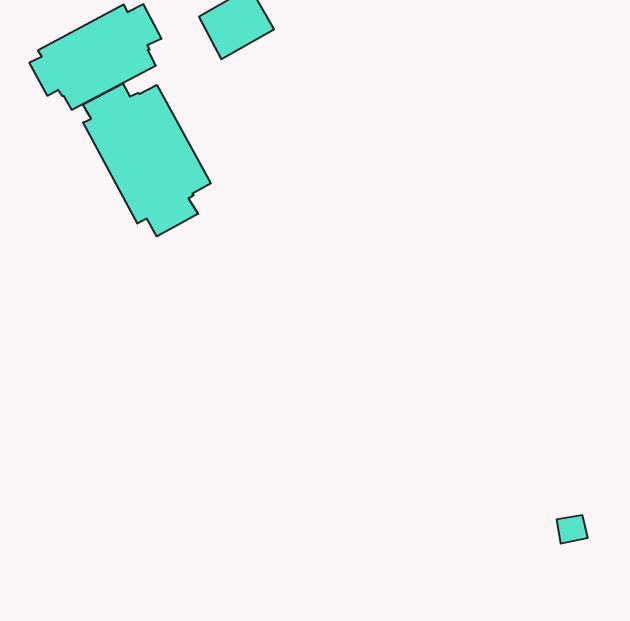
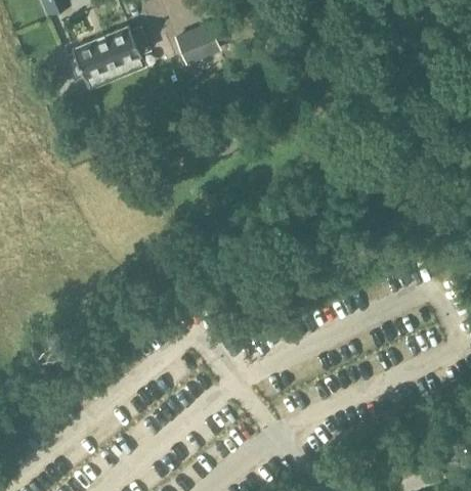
building: [83,83,211,236] -> none

